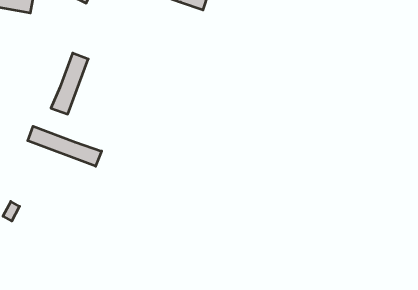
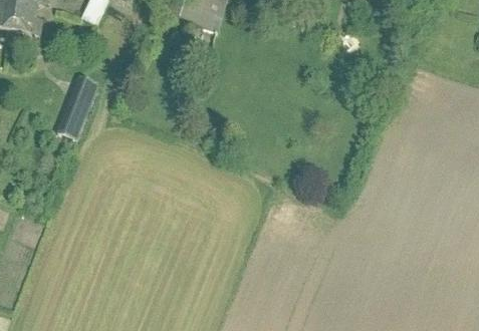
building: [28,126,102,166] -> none

